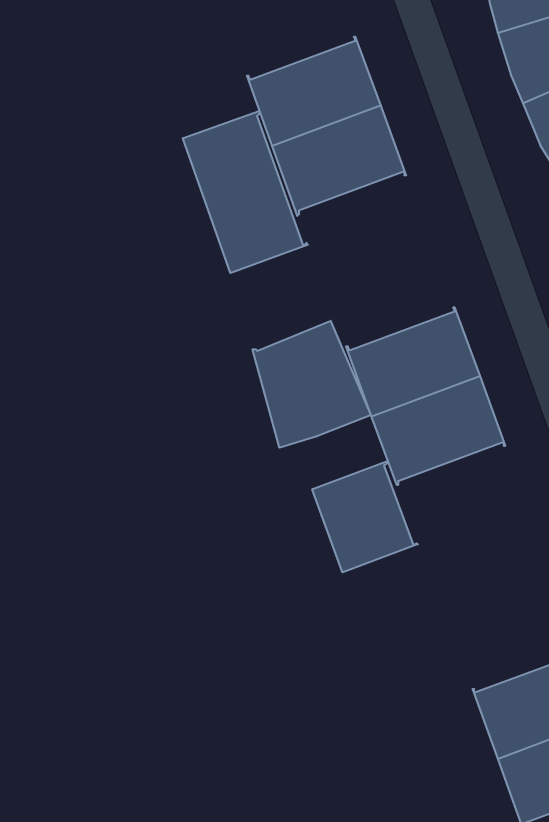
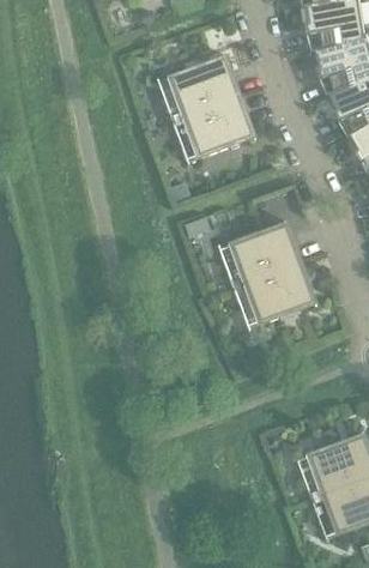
building: [183,111,308,273] -> none
building: [252,321,371,448] -> none
building: [312,461,418,572] -> none

